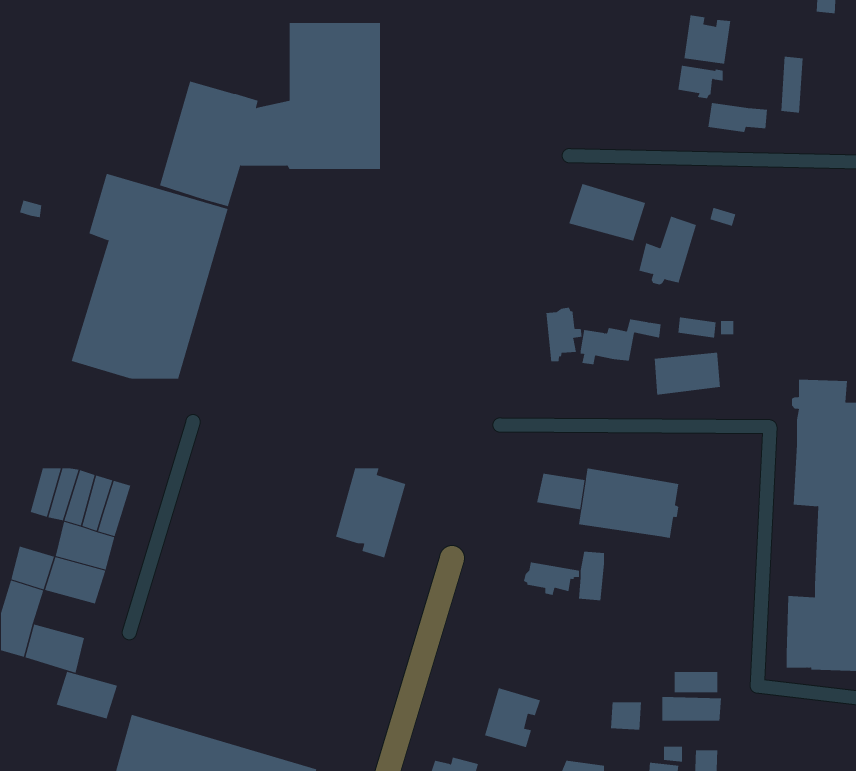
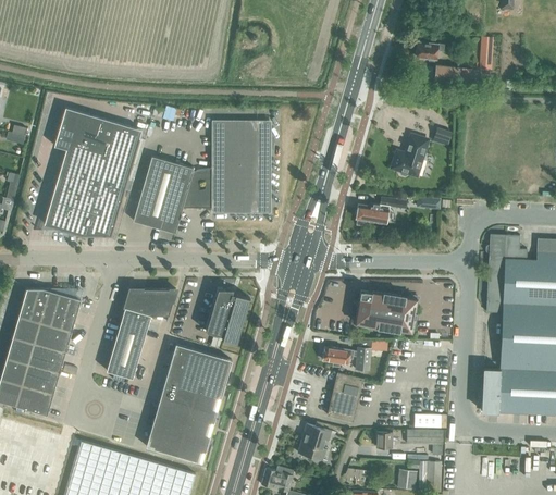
building: [684,15,731,64] -> none
building: [159,22,381,207] -> [133,121,269,234]
building: [568,183,646,242] -> none
building: [546,307,582,362] -> none
building: [654,352,721,395] -> none
building: none -> [107,289,176,379]
building: [536,473,585,510] -> none
building: none -> [12,317,39,344]
building: none -> [146,345,232,463]
building: none -> [328,373,362,422]
building: [56,671,118,719] -> [21,364,59,394]

